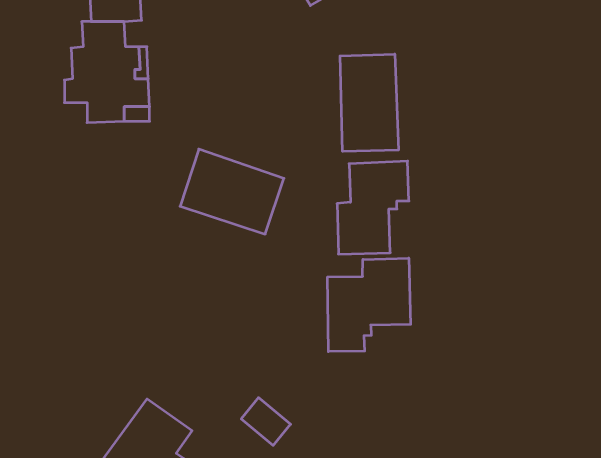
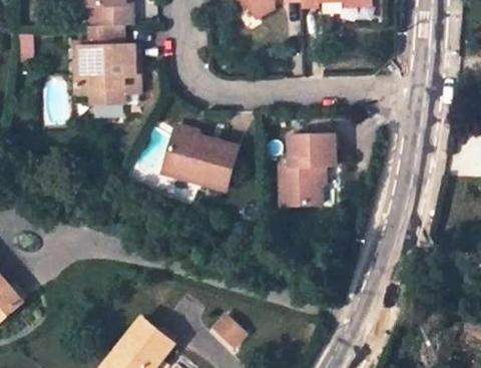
building: [340,54,398,151] -> none
building: [328,258,411,352] -> none

